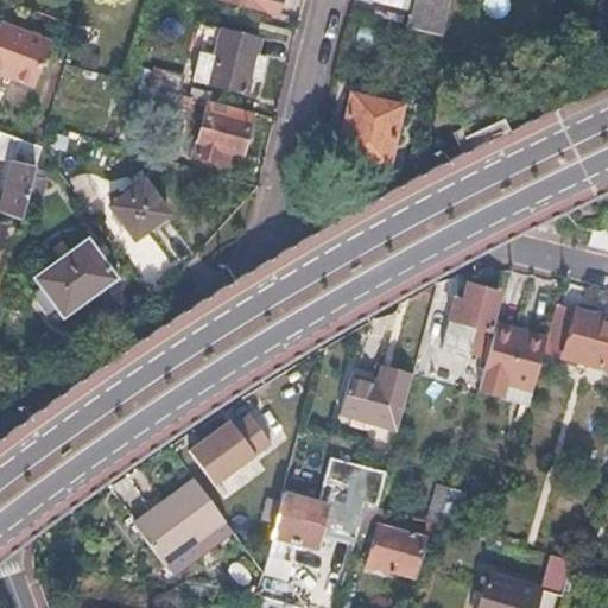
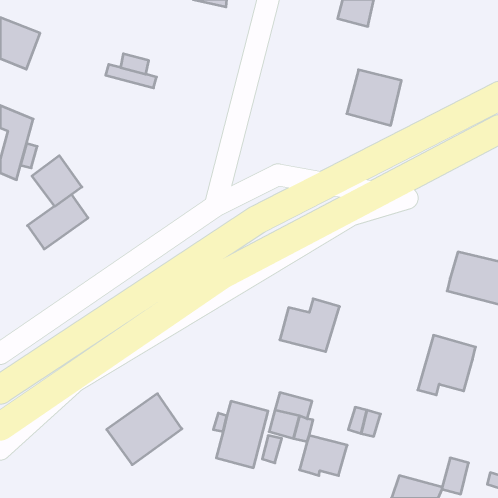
building: [211,28,265,93] -> none
building: [334,93,400,160] -> [347,70,401,125]
building: [196,100,252,162] -> none
building: [110,178,171,240] -> [32,156,82,206]
building: [442,281,499,352] -> none
building: [479,324,549,397] -> [418,335,476,395]
building: [186,416,271,486] -> none

